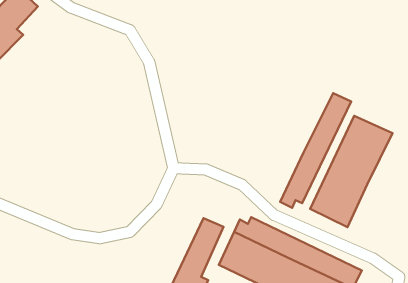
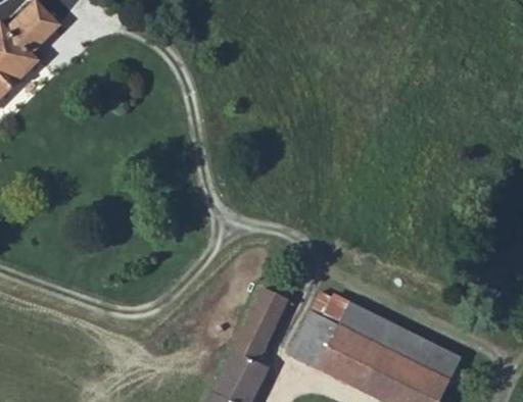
building: [280,93,351,208] -> none
building: [310,116,393,227] -> none

